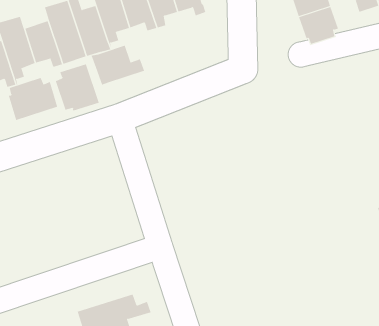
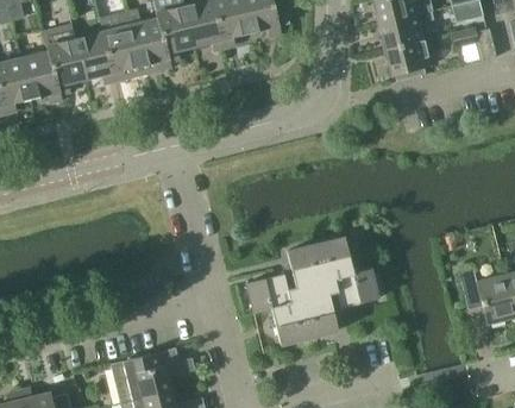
building: [91,44,145,85] -> none
building: [55,63,99,111] -> none
building: [8,77,58,121] -> none
building: none -> [246,238,379,345]

